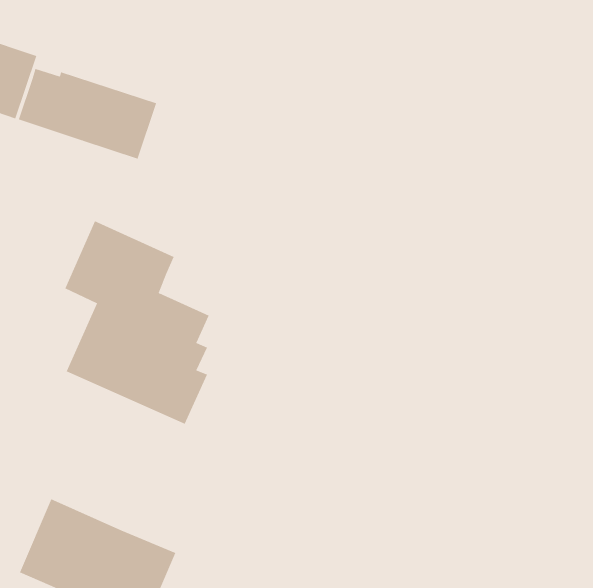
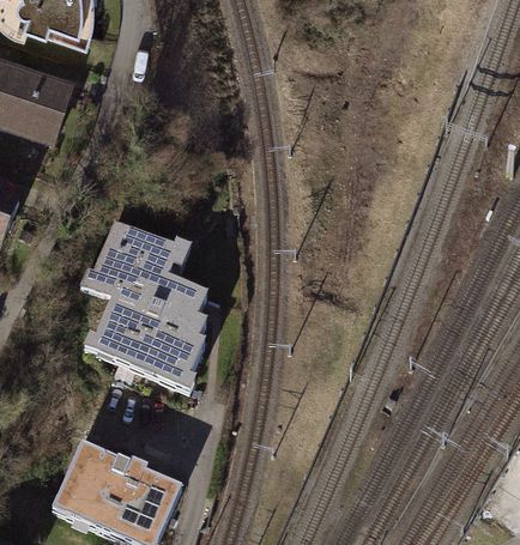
building: [18,68,157,159] -> none

